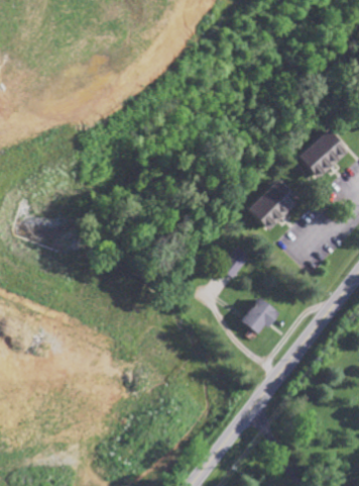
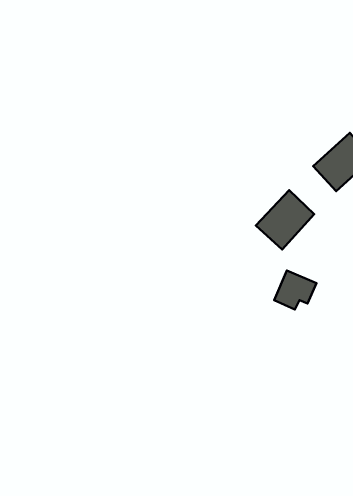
building: [241,298,278,332] -> [274,270,317,309]

